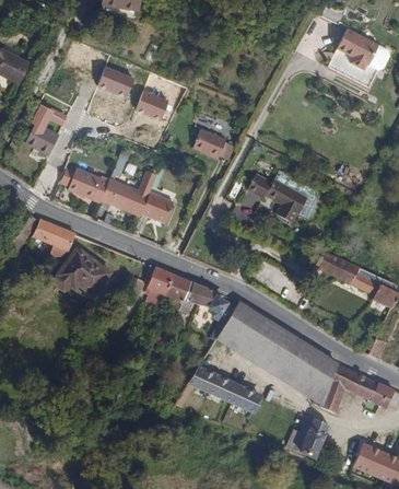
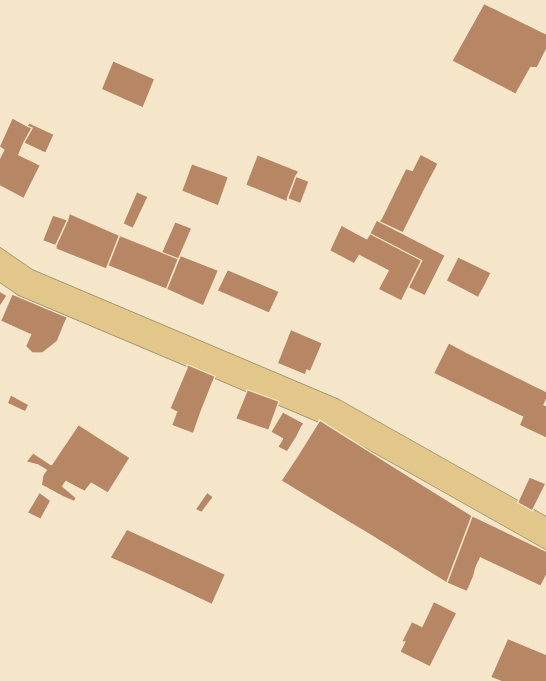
building: [137,92,167,119] -> [182,164,229,206]
building: none -> [379,154,438,233]
building: none -> [446,257,491,297]
building: none -> [217,269,279,313]
building: [43,245,110,295] -> [26,424,130,502]
building: [164,271,193,301] -> [277,330,322,375]
building: [189,365,265,415] -> [110,529,226,605]

